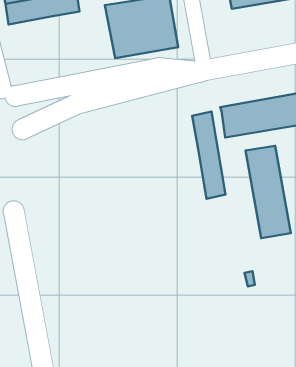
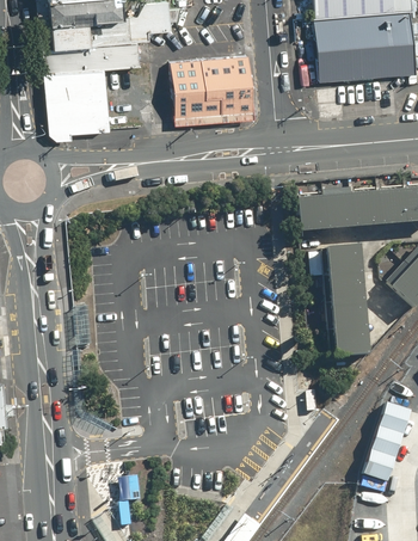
building: none -> [54,67,111,131]
building: [192,112,225,199] -> none

